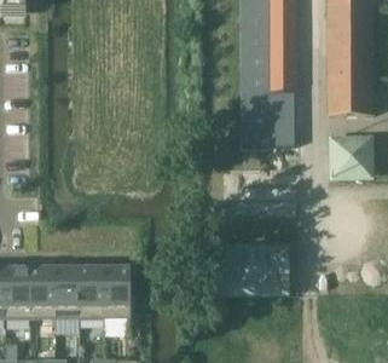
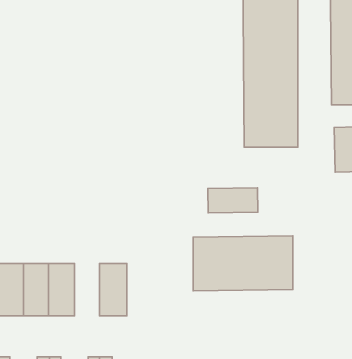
building: none -> [208,188,258,213]
building: [79,267,103,318] -> none

